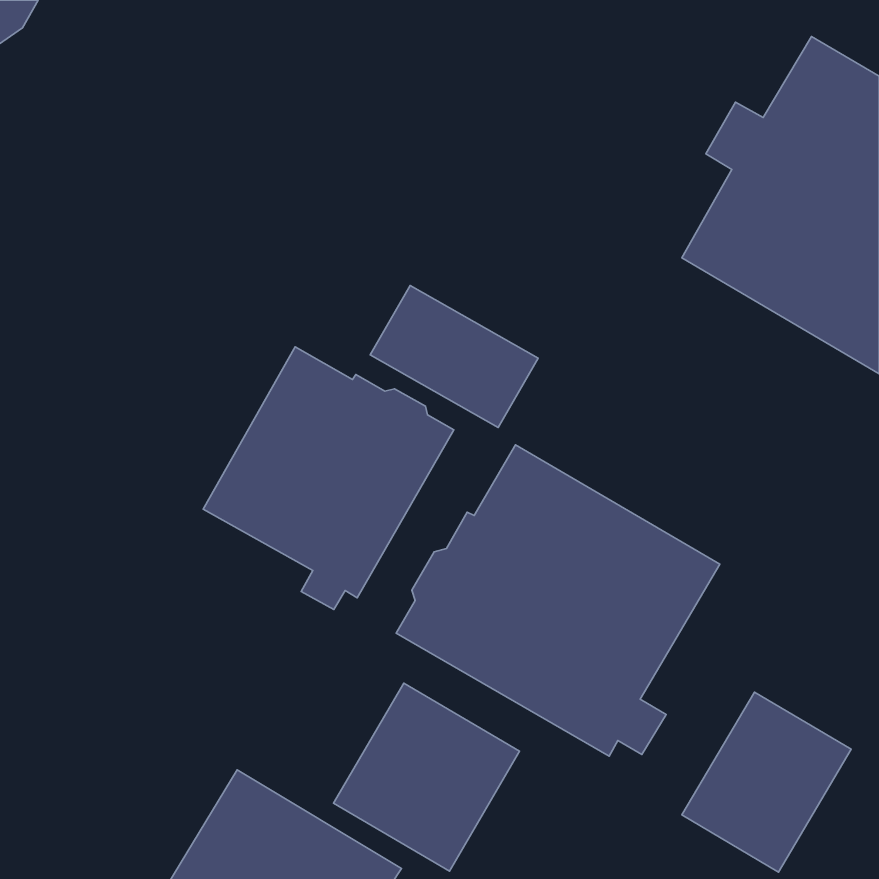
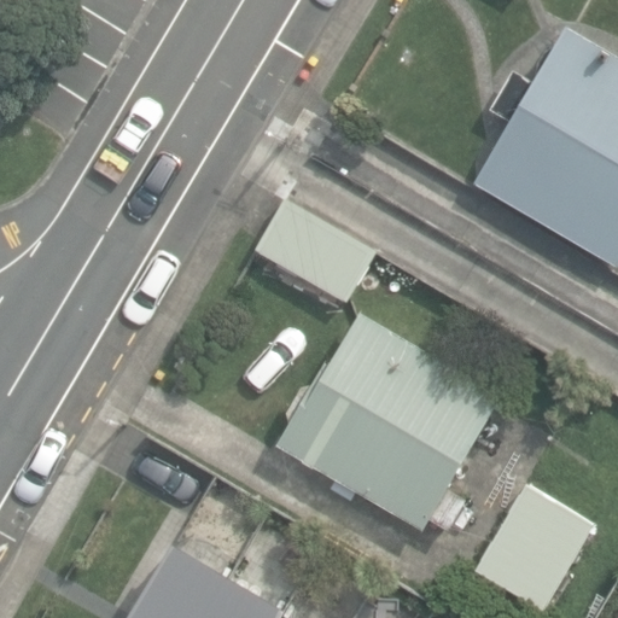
building: [203,347,454,609] -> none
building: [334,683,520,871] -> none

